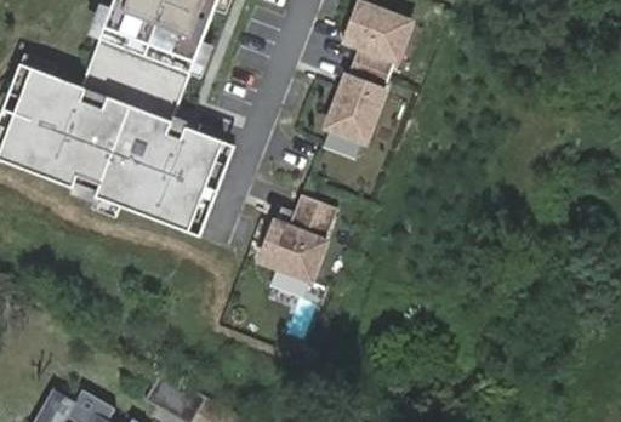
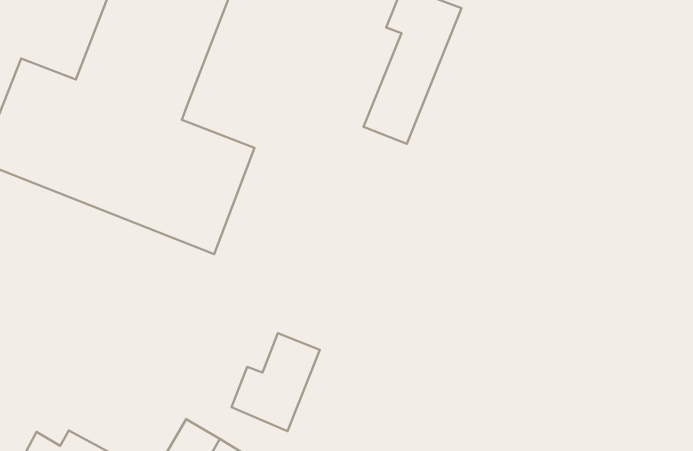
building: [261,193,337,278] -> [232,333,320,431]

